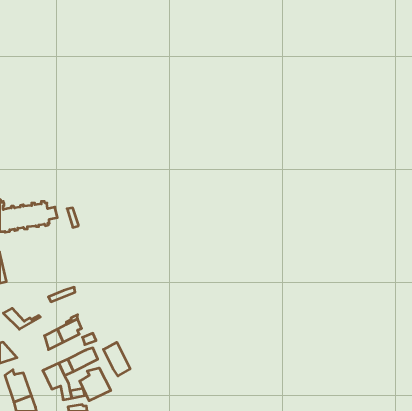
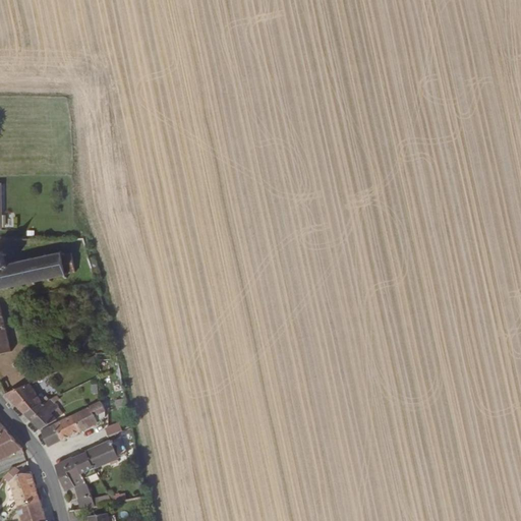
building: none -> [24,399,61,448]
building: [103,342,130,376] -> none
building: [80,368,111,401] -> none

